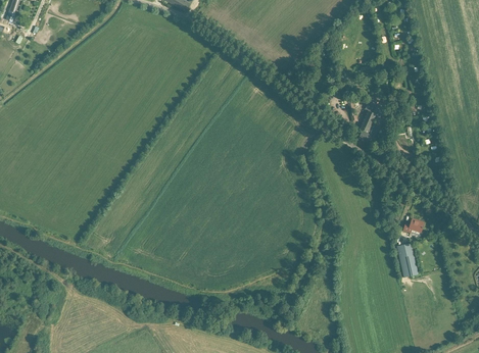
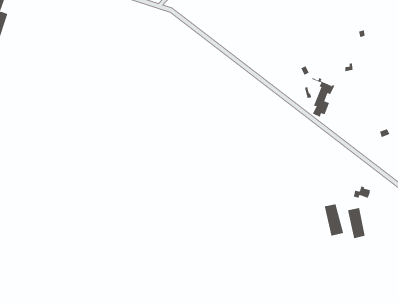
building: none -> [324,203,344,237]

